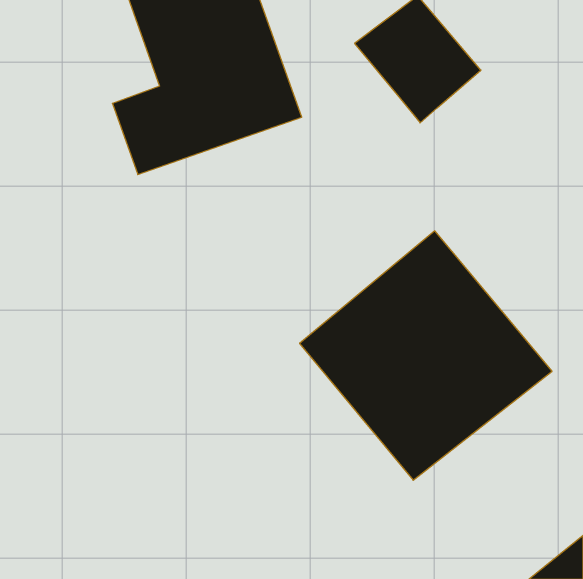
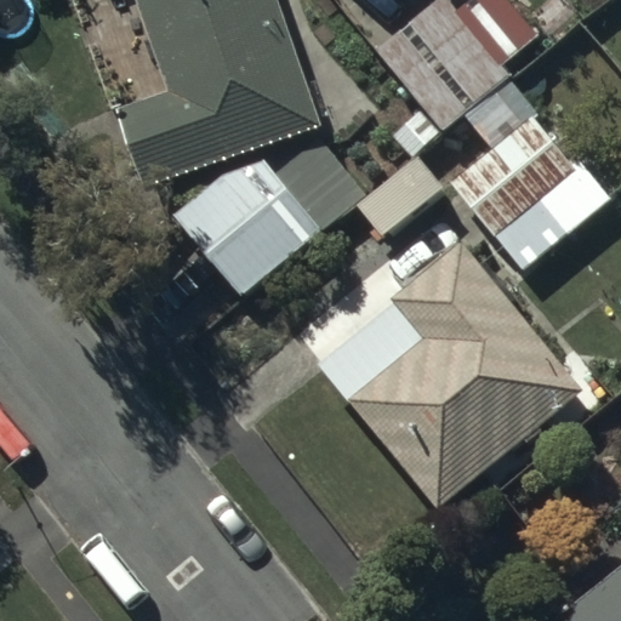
building: none -> [449,74,603,268]
building: none -> [172,136,366,295]

